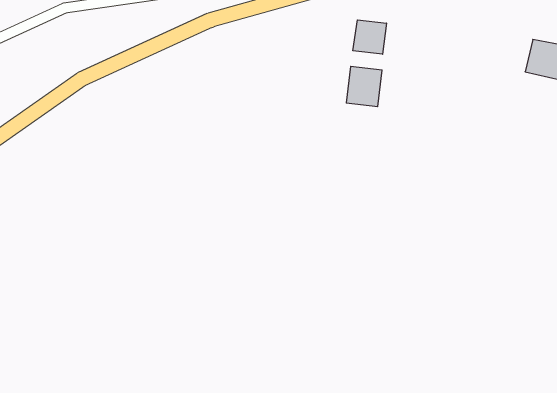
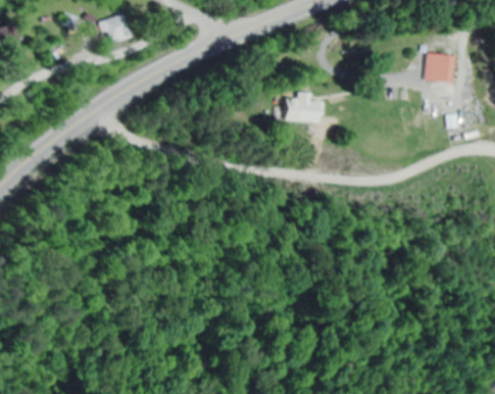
building: [353,20,386,54] -> none

